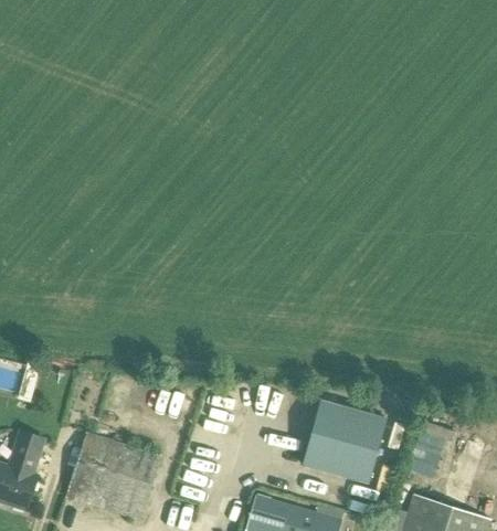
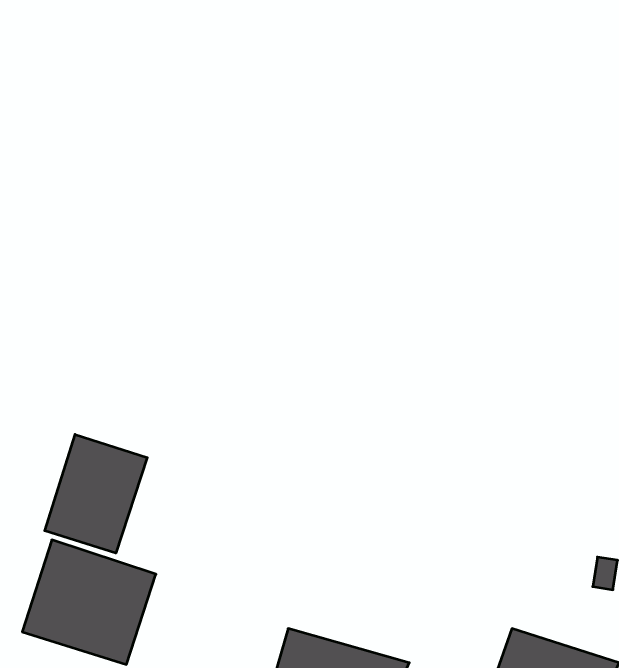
building: none -> [45,434,147,553]
building: [303,401,387,485] -> none

